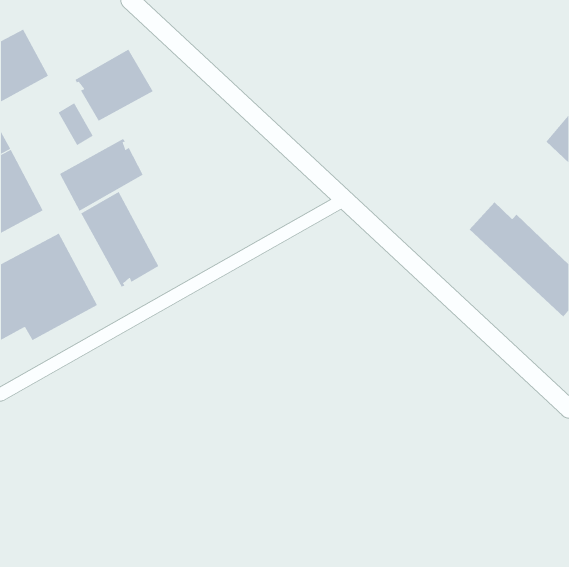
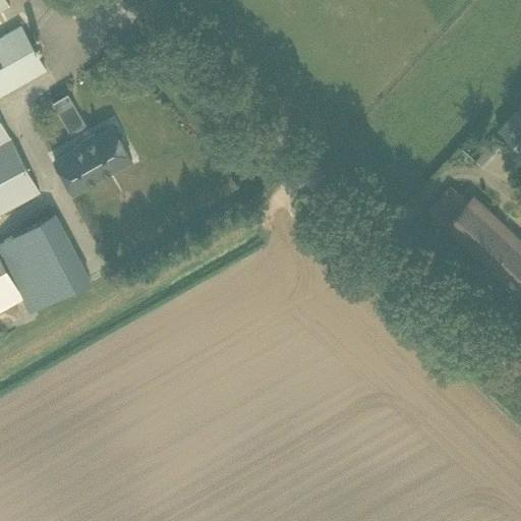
building: [75,49,154,121] -> none
building: [80,191,159,288] -> none

